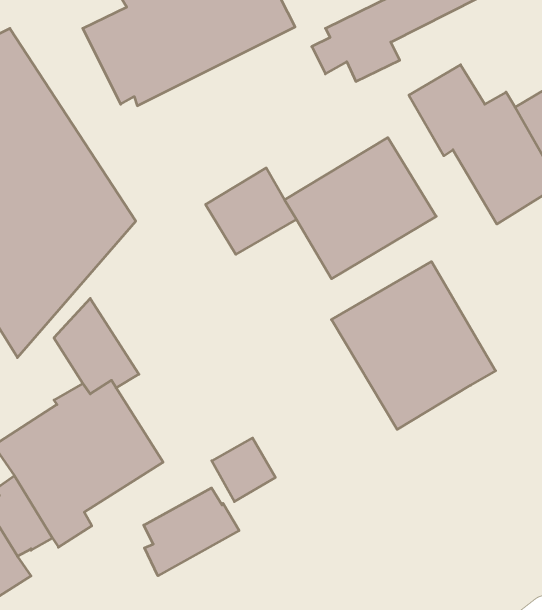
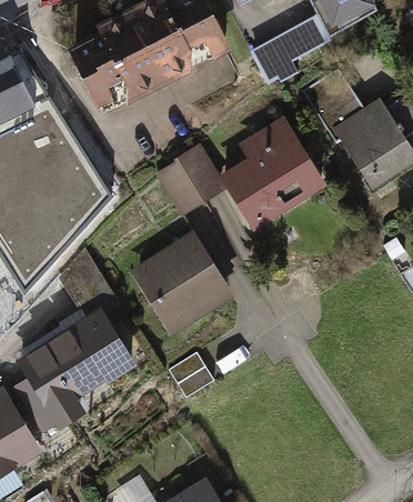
building: [331,262,496,429] -> none
building: none -> [125,230,231,339]
building: [144,488,239,576] -> none

